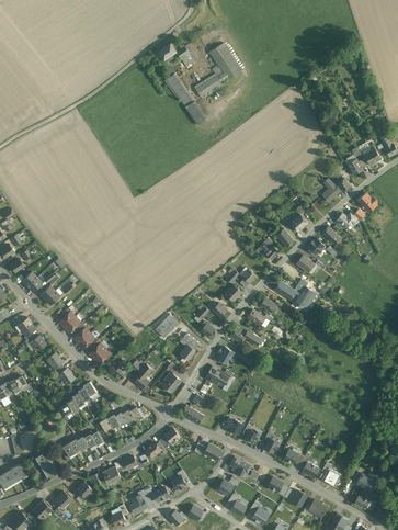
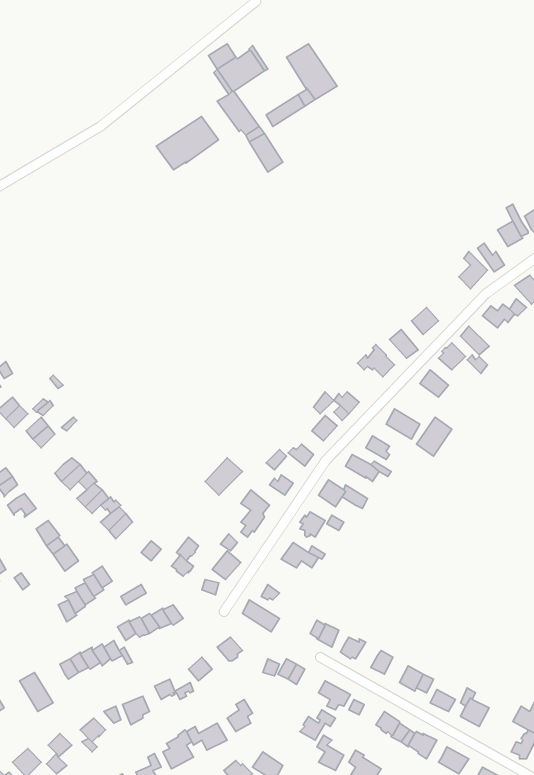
building: none -> [156,116,219,170]

